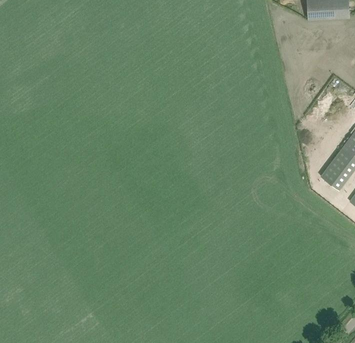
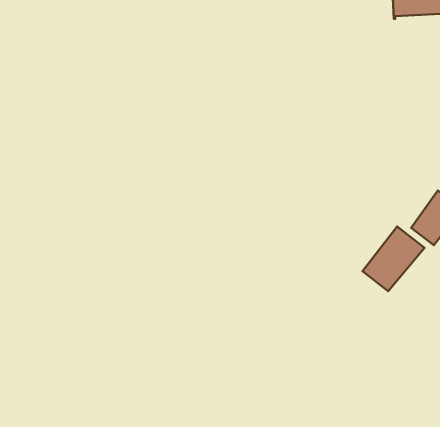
building: none -> [363,227,424,291]

